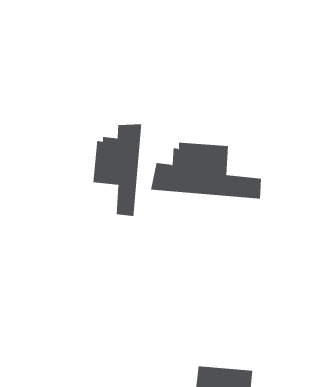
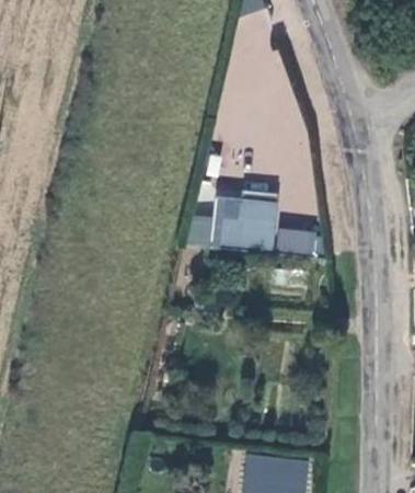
building: [93,124,142,217] -> none

